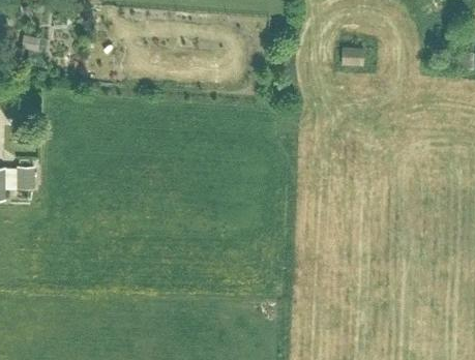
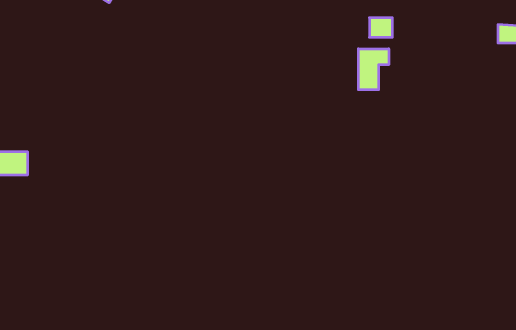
building: none -> [358,49,389,90]

